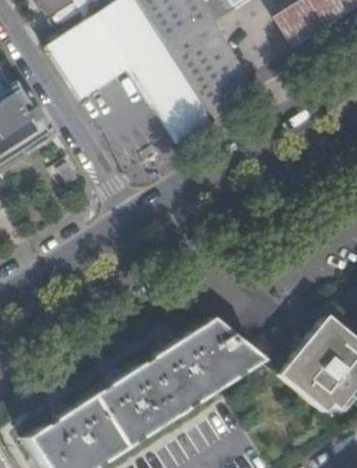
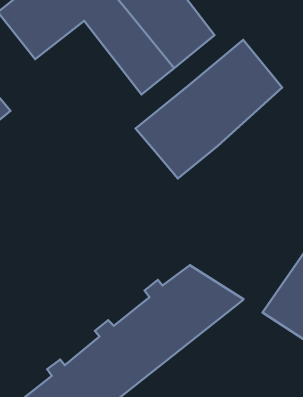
building: none -> [136,40,282,178]

